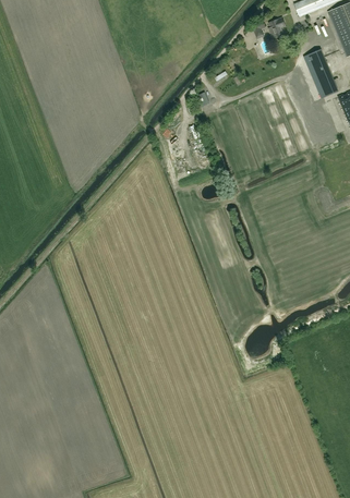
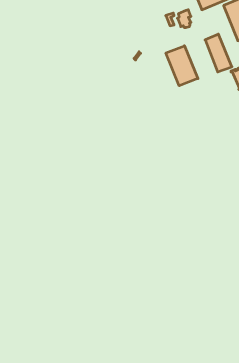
building: none -> [166,46,198,86]

